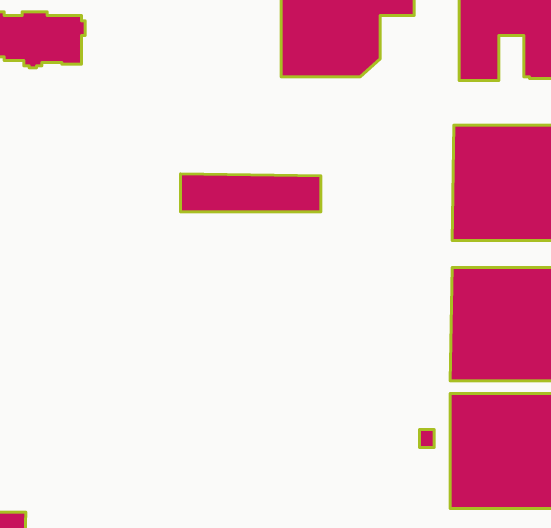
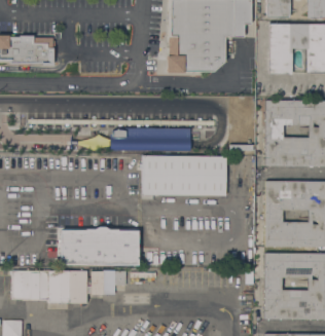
building: none -> [143,155,225,195]
building: none -> [60,226,138,264]
building: none -> [12,270,125,302]

